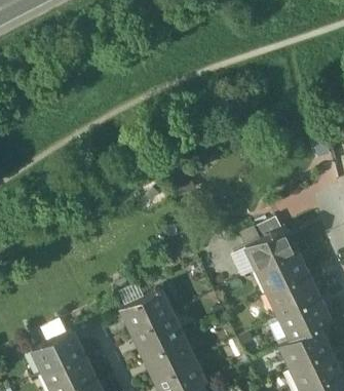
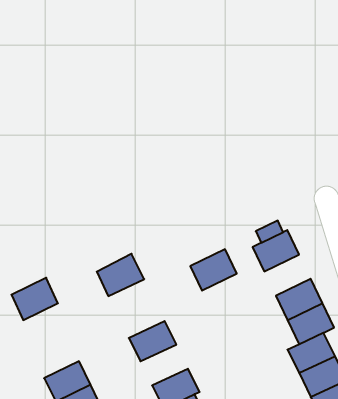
building: [261,250,306,290] -> [190,249,237,291]
building: [118,290,164,331] -> [97,254,144,296]
building: [36,329,81,370] -> [11,278,58,320]
building: [141,338,187,378] -> none

